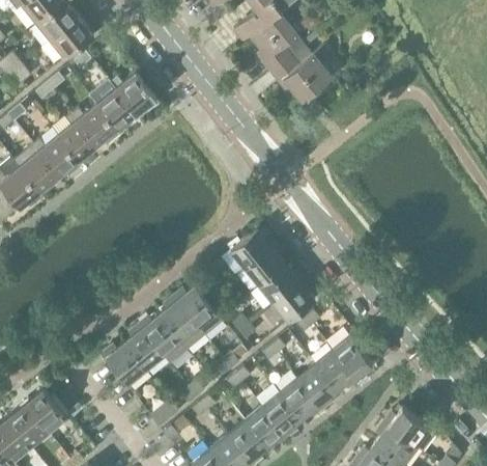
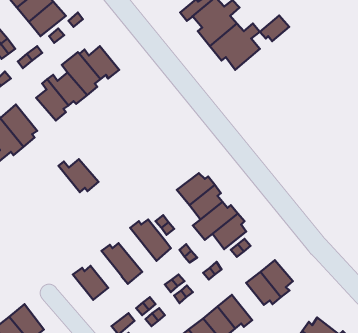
building: none -> [260,15,289,41]
building: [33,136,82,176] -> [59,159,98,192]
building: [159,296,205,350] -> none
building: [124,324,163,369] -> none
building: [297,363,337,409] -> none

